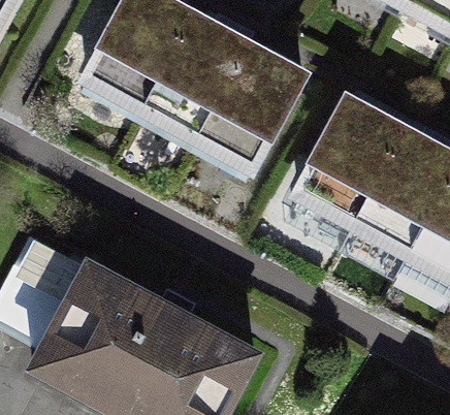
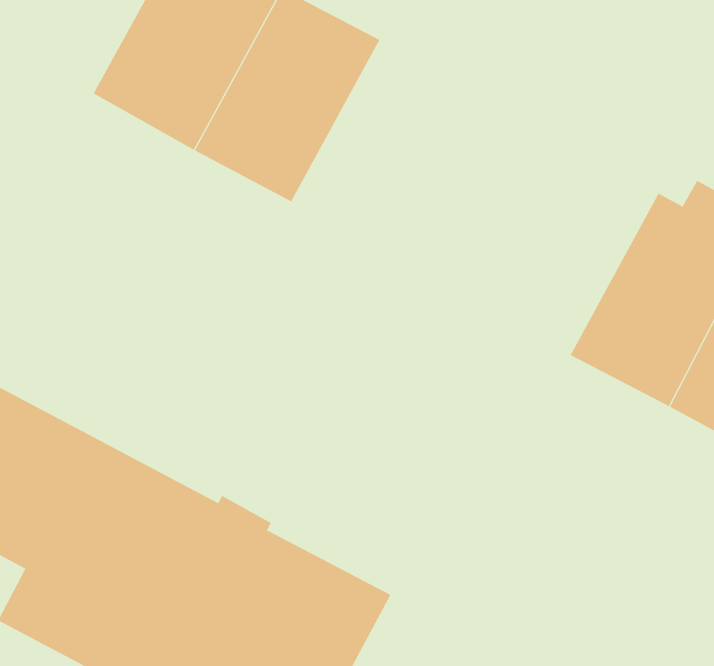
building: [199,42,303,163] -> none
building: [298,83,405,219] -> none

